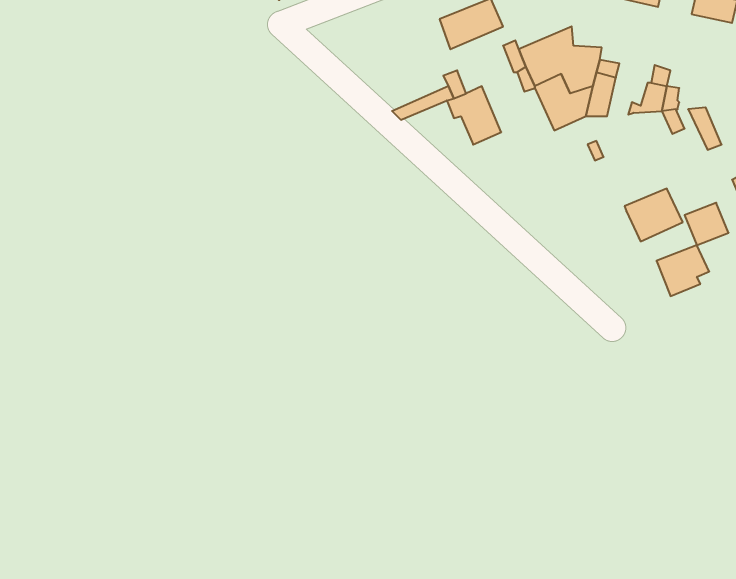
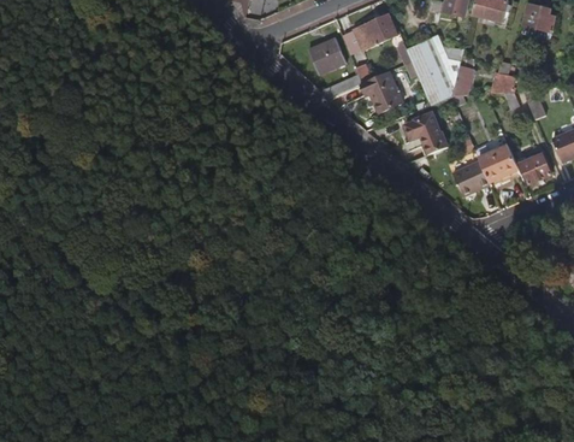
building: none -> [308,36,344,71]
building: none -> [404,112,448,154]
building: [656,245,709,296] -> [452,160,489,195]

